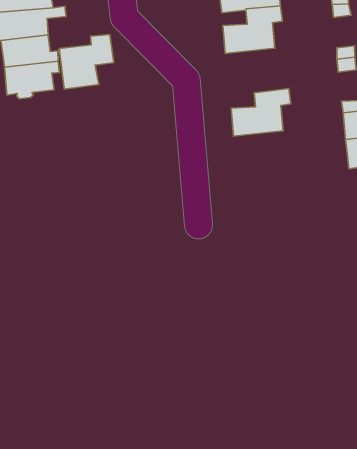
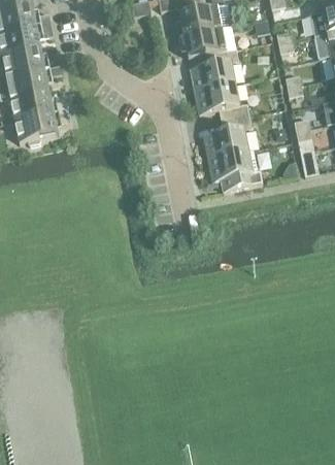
building: [59,35,114,89] -> none
building: none -> [193,79,247,118]
building: none -> [206,146,261,188]

